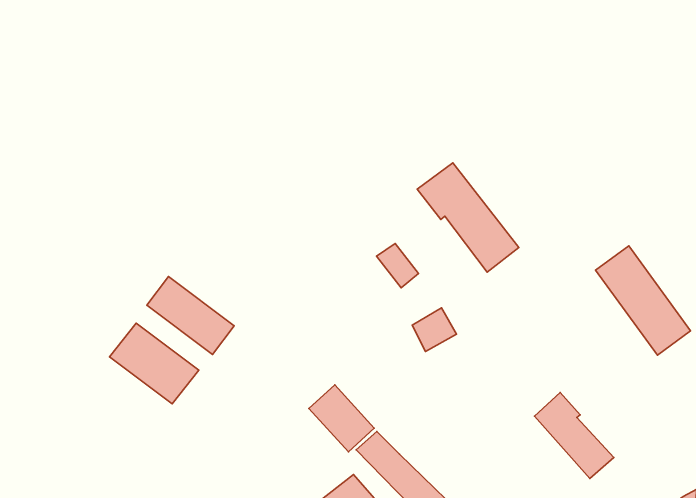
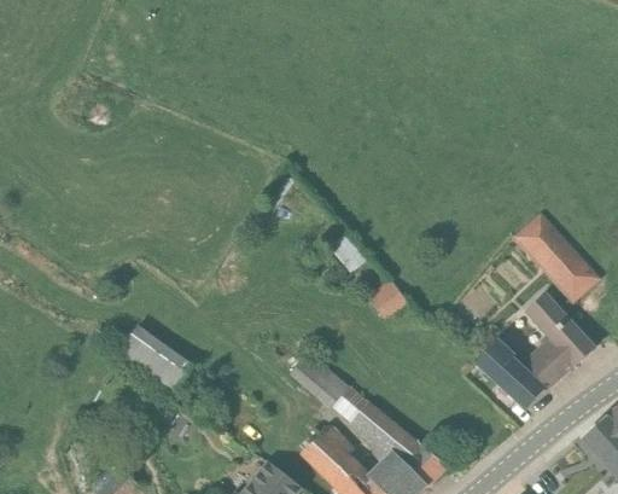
building: [417,163,519,272] -> none
building: [147,277,234,354] -> none
building: none -> [525,295,593,387]

